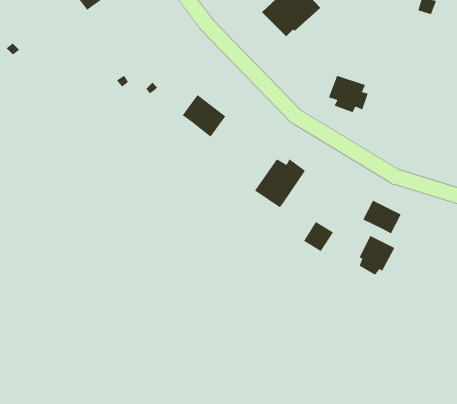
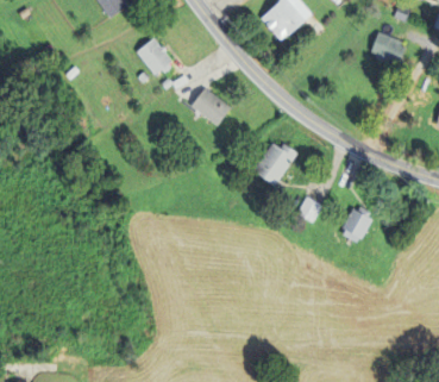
building: none -> [136,37,173,75]
building: [328,75,369,113] -> [371,32,406,64]
building: [362,200,402,234] -> none

